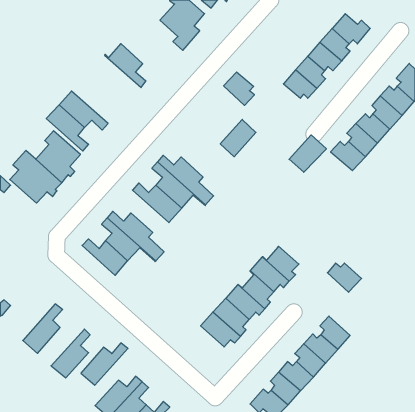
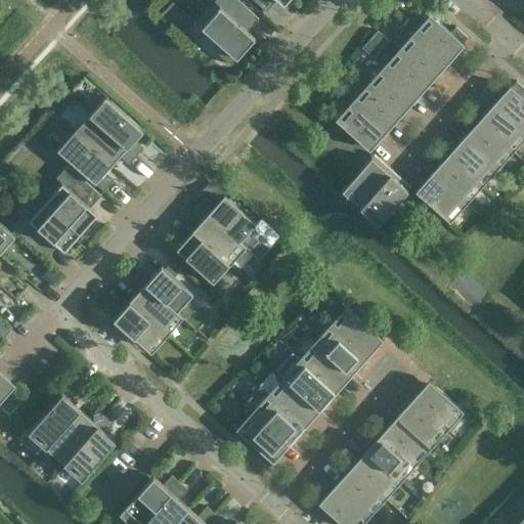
building: [105,44,146,88] -> [90,104,142,160]
building: [224,72,254,105] -> [341,110,380,151]
building: [220,119,256,157] -> [347,158,392,205]
building: [327,263,362,292] -> [414,390,457,427]
building: none -> [242,414,282,469]
building: [81,343,128,385] -> [47,411,106,465]

